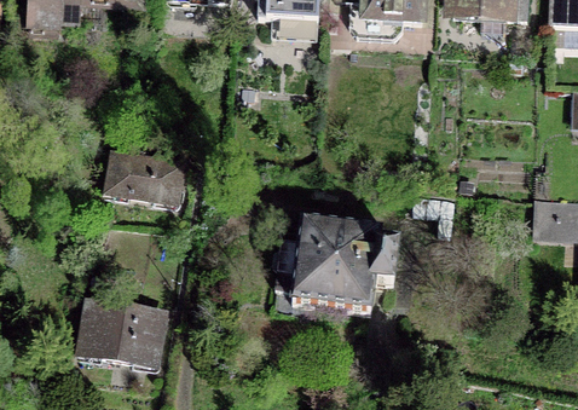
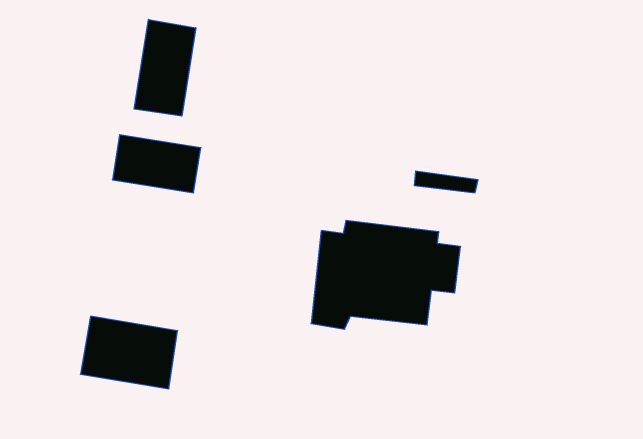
building: none -> [134,19,196,116]

